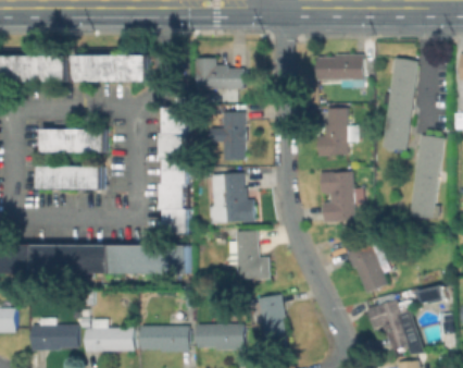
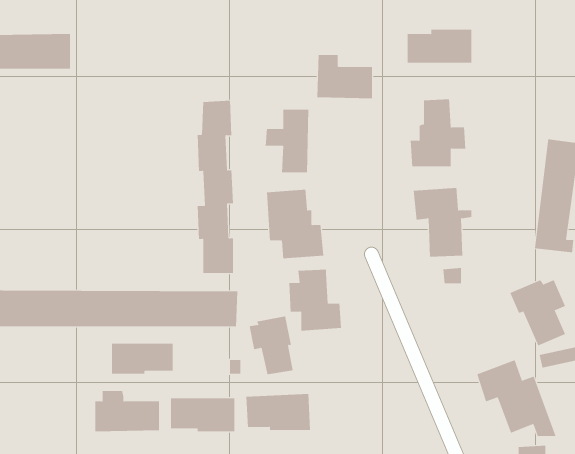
building: [78,58,149,83] -> none
building: [199,58,240,90] -> [316,55,373,99]
building: [381,58,415,150] -> none
building: [42,130,104,151] -> none
building: [38,167,102,189] -> none
building: [346,243,387,292] -> [510,279,566,346]
building: [252,295,285,339] -> [249,316,293,375]
building: [32,328,77,351] -> [111,343,173,374]

